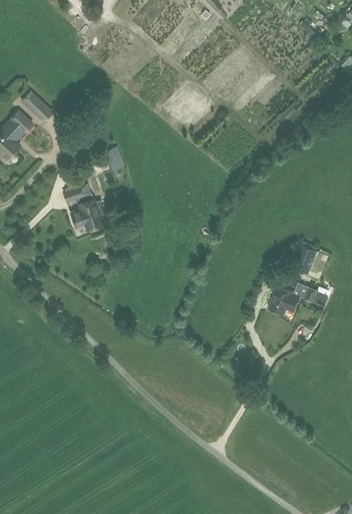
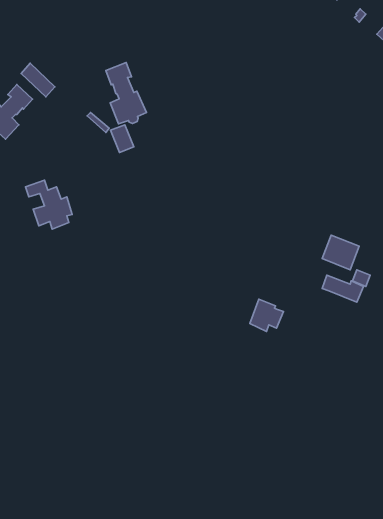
building: none -> [106,62,146,124]
building: [63,187,105,231] -> [25,180,72,229]
building: [269,285,299,314] -> [250,299,283,331]

